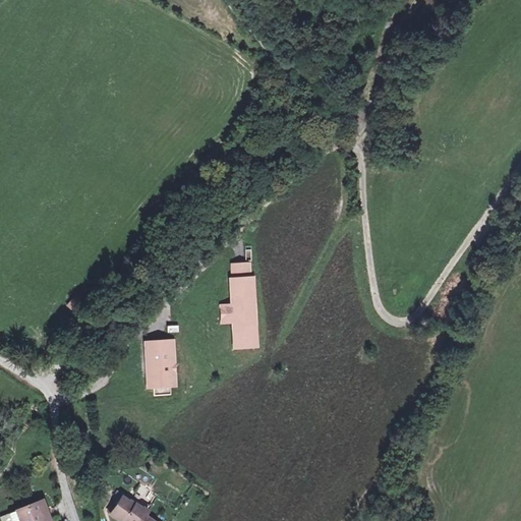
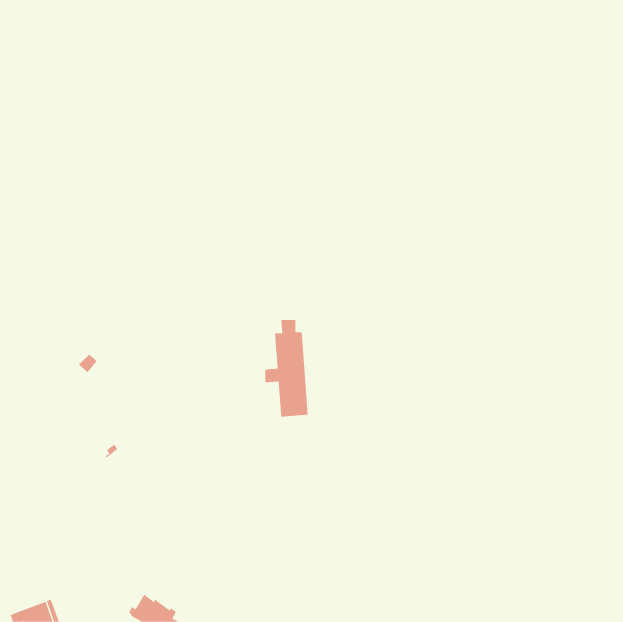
building: [144,339,176,395] -> none

